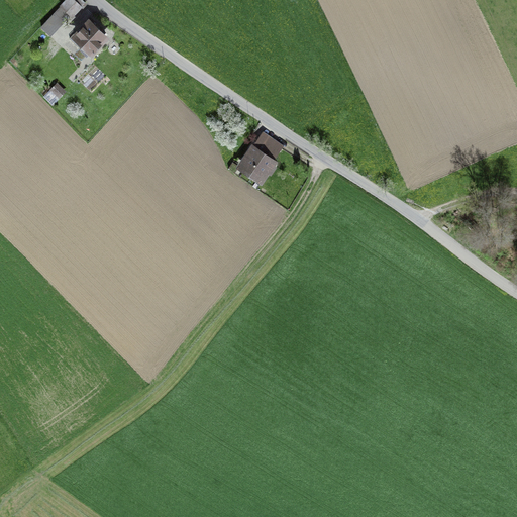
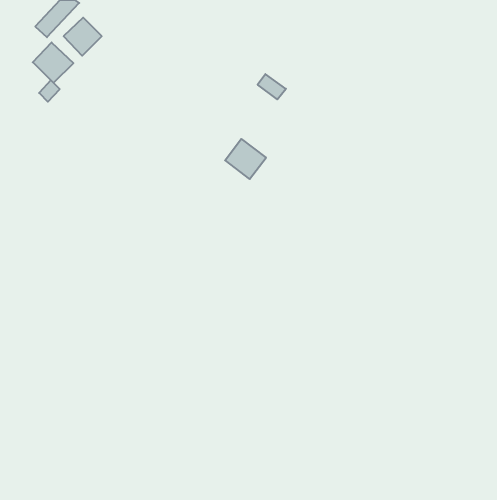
building: none -> [33,42,73,83]
building: [254,132,284,159] -> [258,74,286,99]

